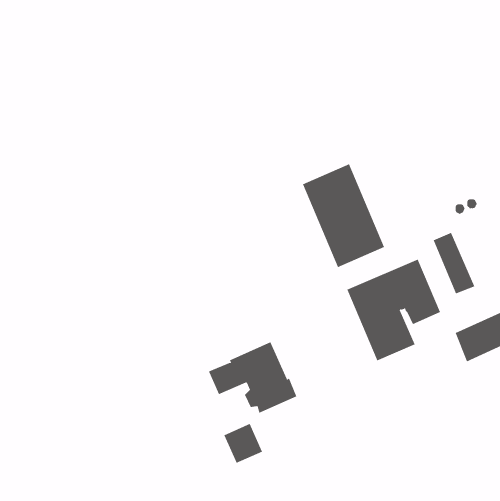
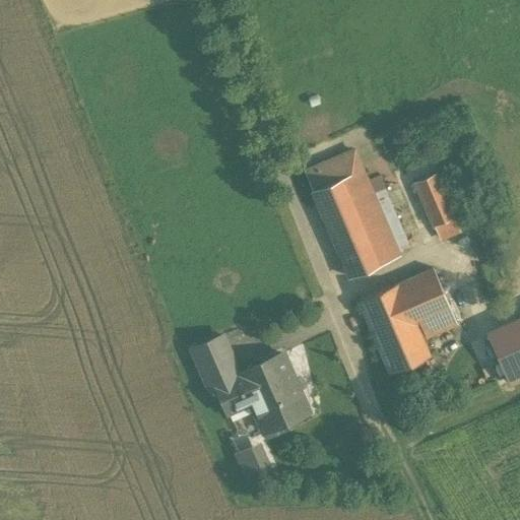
building: none -> [307,151,364,192]
building: [433,232,475,294] -> [417,175,461,239]
building: none -> [193,336,241,390]

